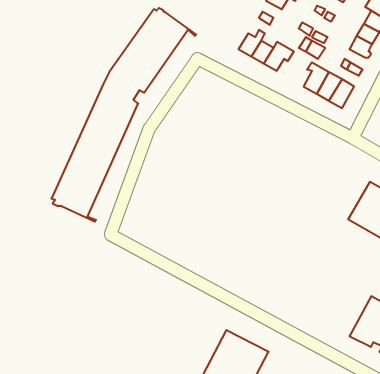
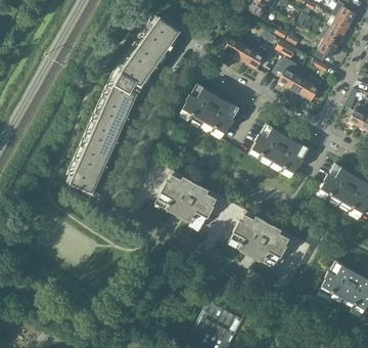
building: none -> [179,83,239,139]
building: none -> [247,124,308,179]
building: none -> [156,174,212,224]
building: none -> [230,212,286,261]

